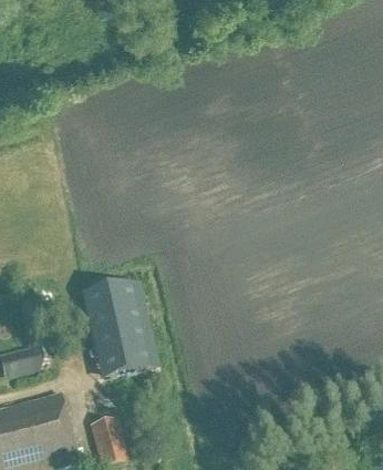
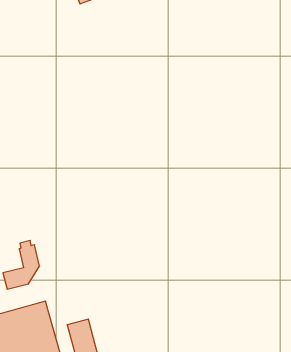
building: [84,284,151,375] -> none

